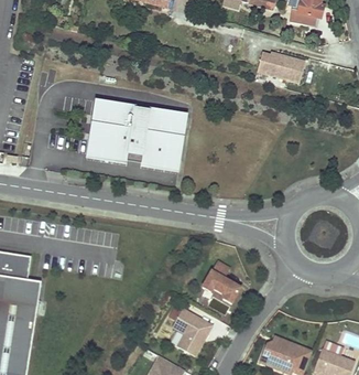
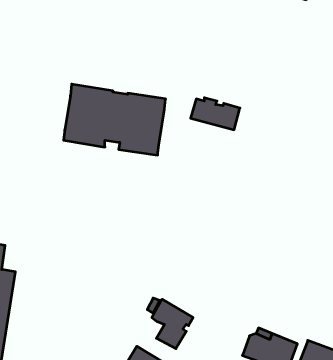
building: [257,52,304,83] -> [191,98,240,130]
building: [202,260,240,302] -> none

